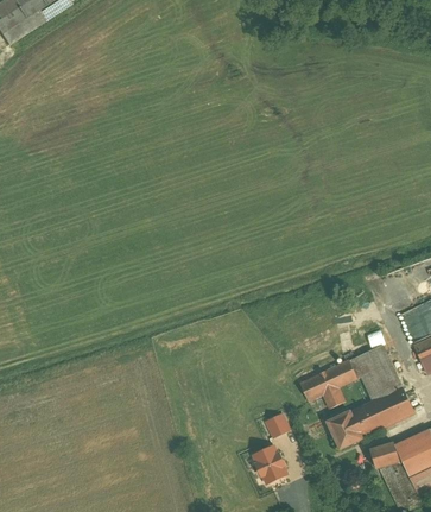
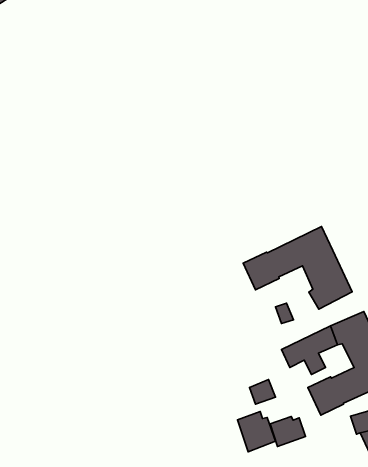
building: none -> [243,226,352,309]
building: none -> [270,416,305,447]

